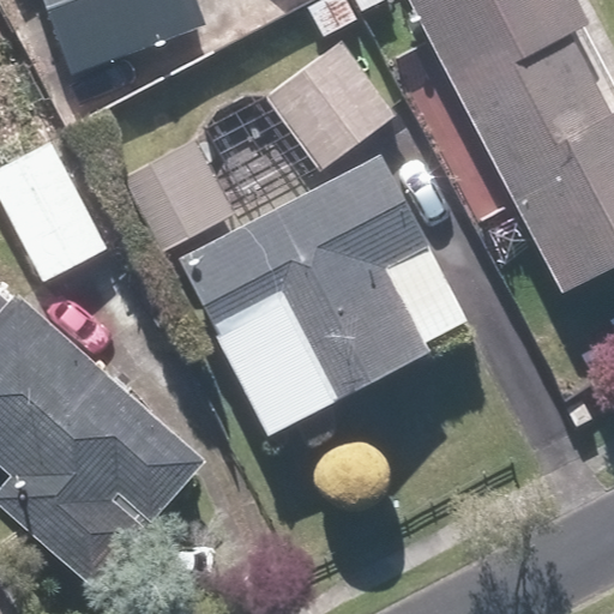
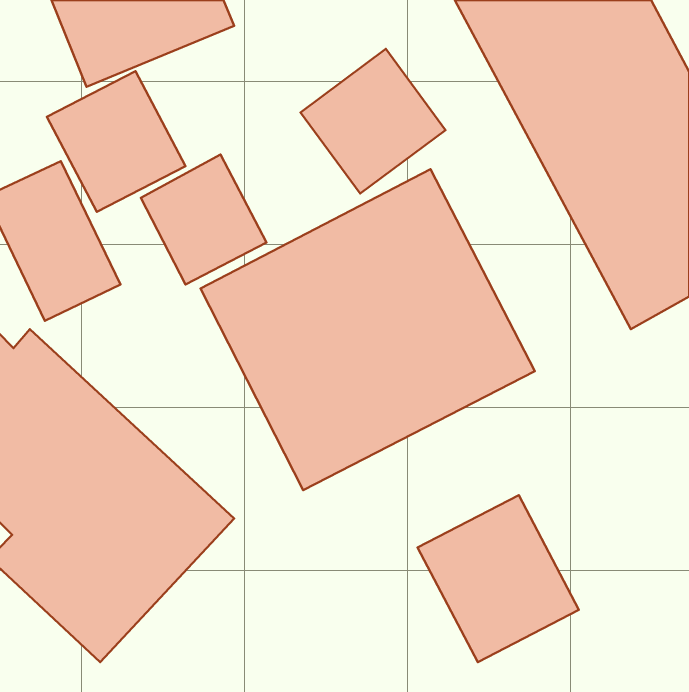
building: none -> [47,71,186,212]
building: none -> [418,495,579,662]

